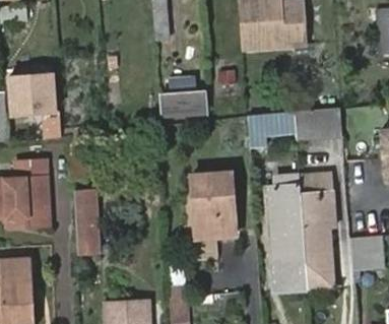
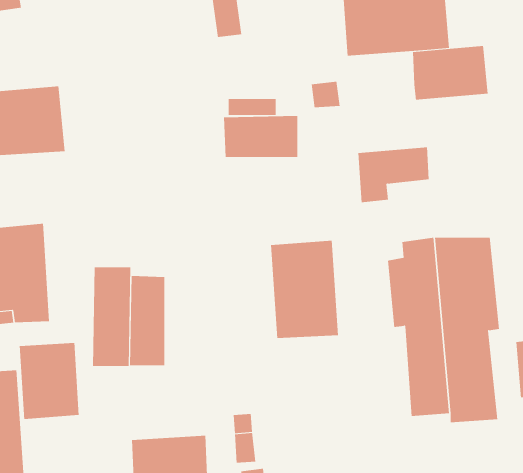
building: [294,107,343,142] -> [412,45,489,100]
building: none -> [130,275,165,366]
building: none -> [19,342,79,420]

